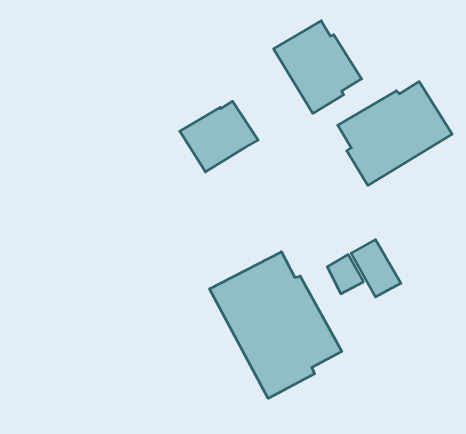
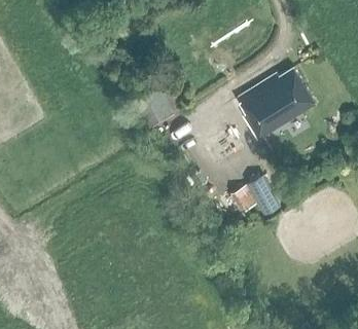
building: [274,21,362,113] -> none
building: [210,252,342,398] -> none

